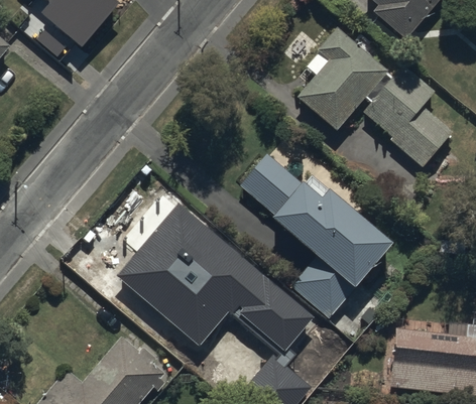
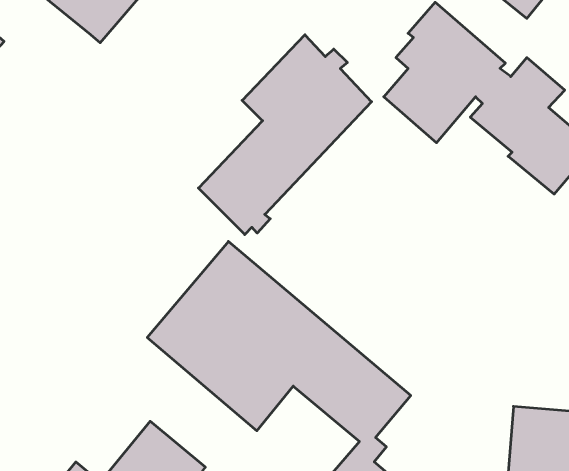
building: none -> [198,35,372,235]
building: [239,153,390,320] -> none

